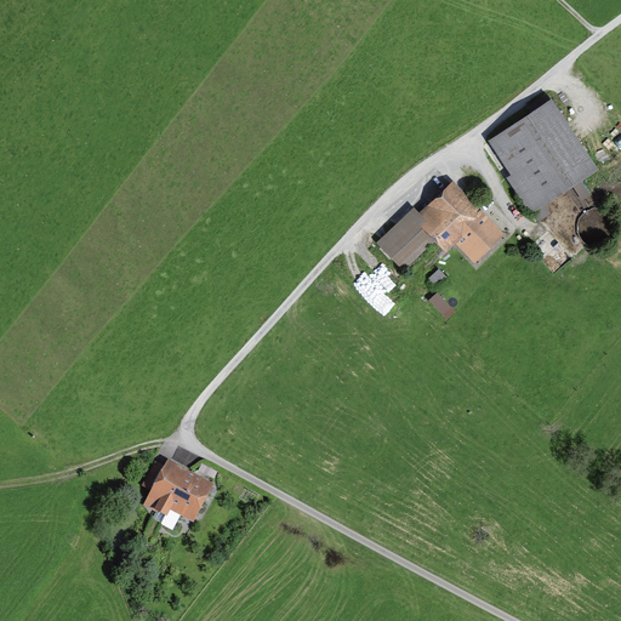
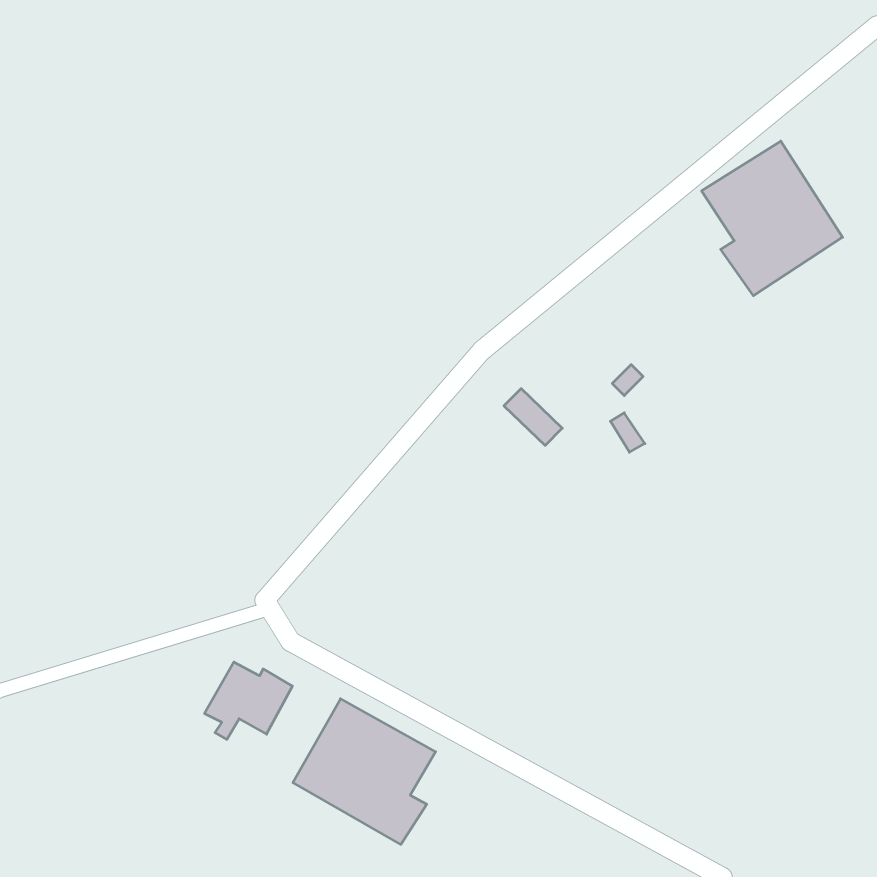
building: [381,186,494,266] -> none
building: none -> [293,699,436,844]

